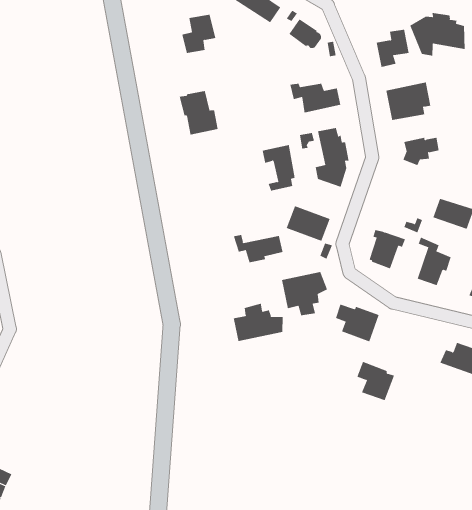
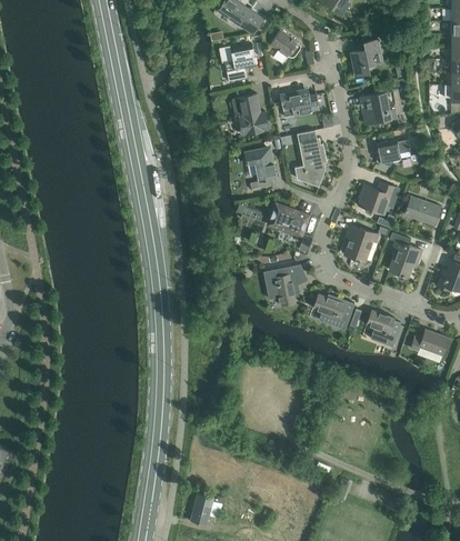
building: [409,12,465,56] -> none
building: [181,14,216,54] -> [223,44,256,81]
building: [179,91,219,135] -> [231,94,268,136]
building: none -> [358,182,398,214]
building: [233,234,283,263] -> none
building: [233,303,283,342] -> none
building: [356,361,395,401] -> [364,310,400,347]

